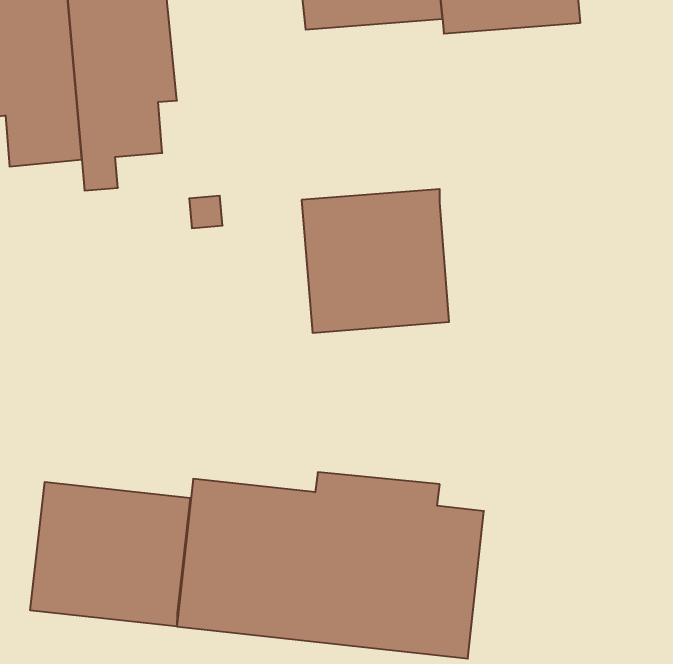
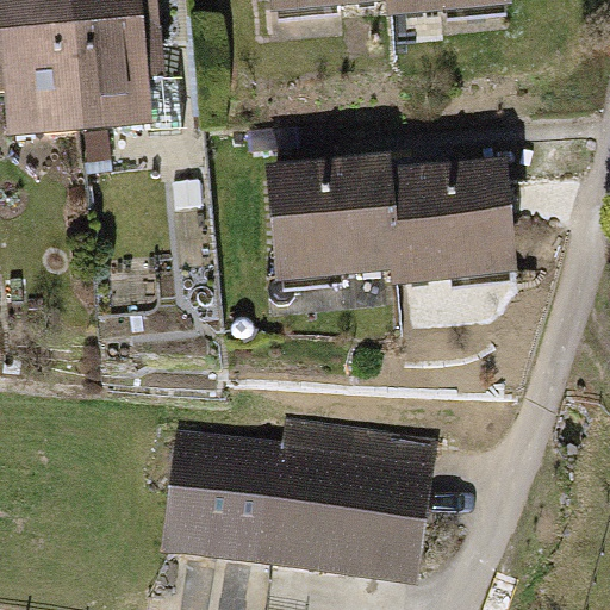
building: none -> [391,172,522,298]
building: [30,482,190,627] -> none

